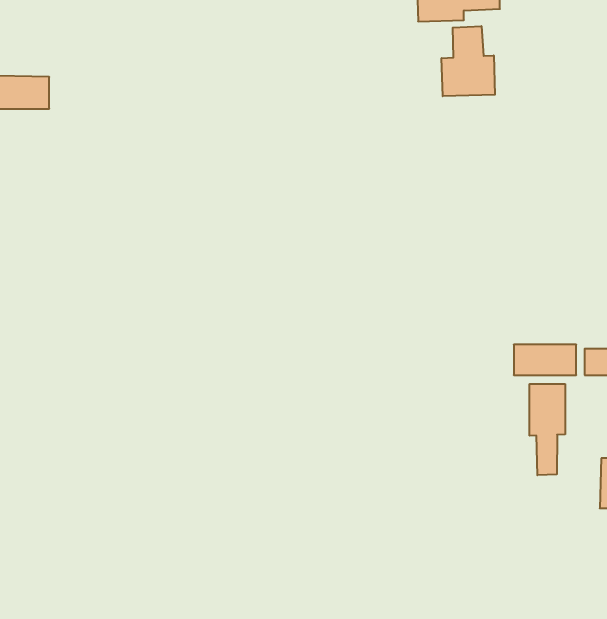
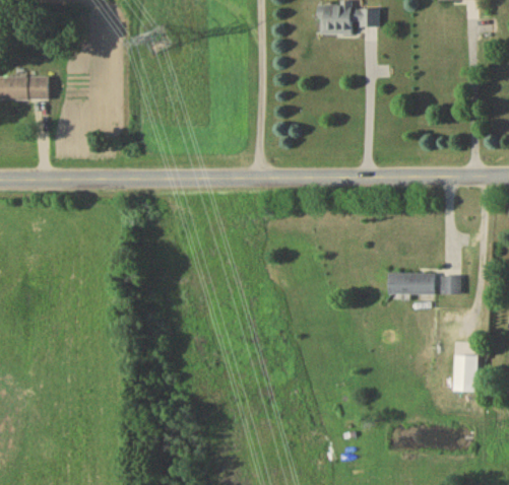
building: [442,26,495,96] -> none
building: [530,384,565,475] -> none

